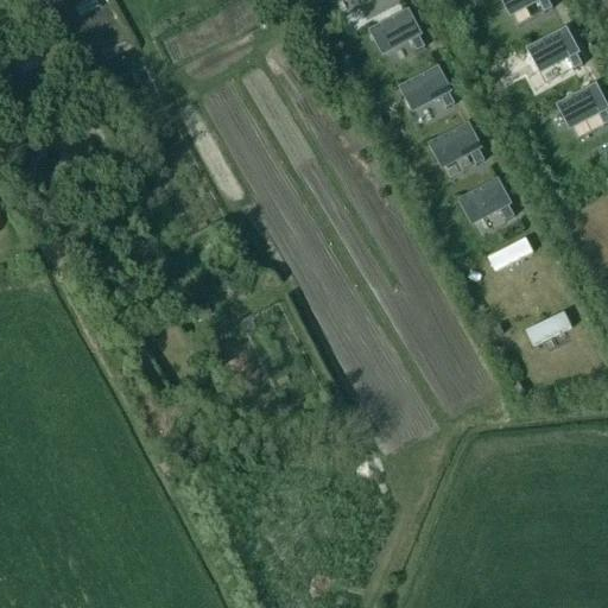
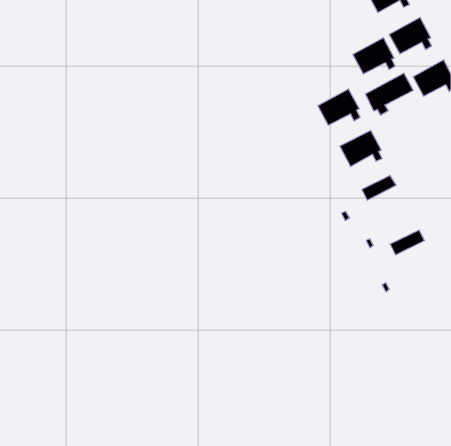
building: [367,6,424,55] -> none
building: [397,63,454,112] -> [353,38,395,74]
building: none -> [365,73,413,115]

